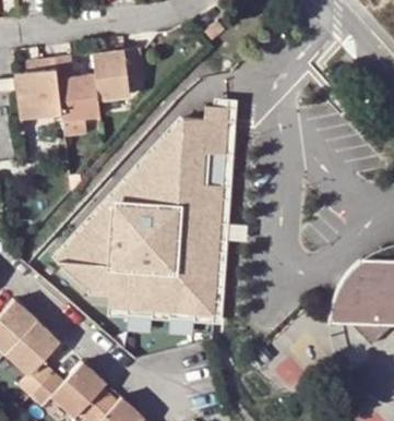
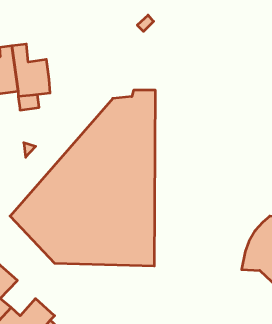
building: [93,48,144,98] -> none

